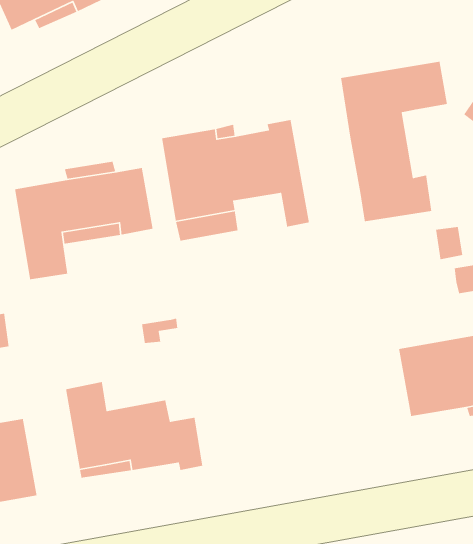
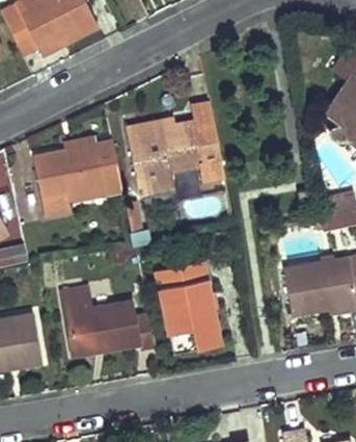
building: [340,61,448,222] -> none
building: none -> [157,260,220,352]

